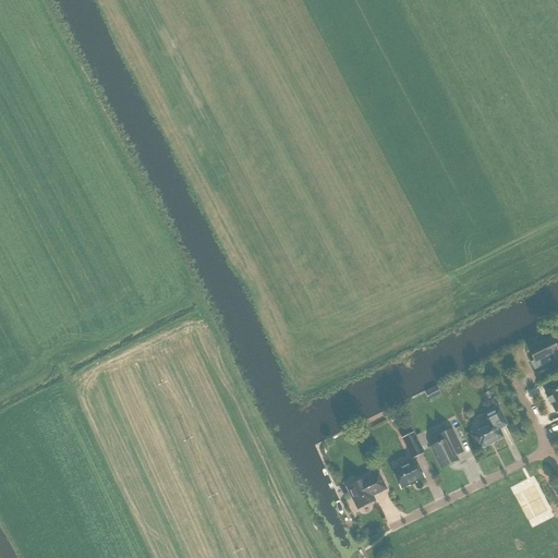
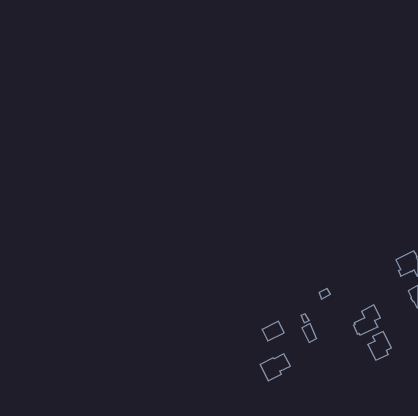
building: [430,428,462,466] -> [368,332,391,360]
building: [393,460,423,486] -> [262,321,284,341]

